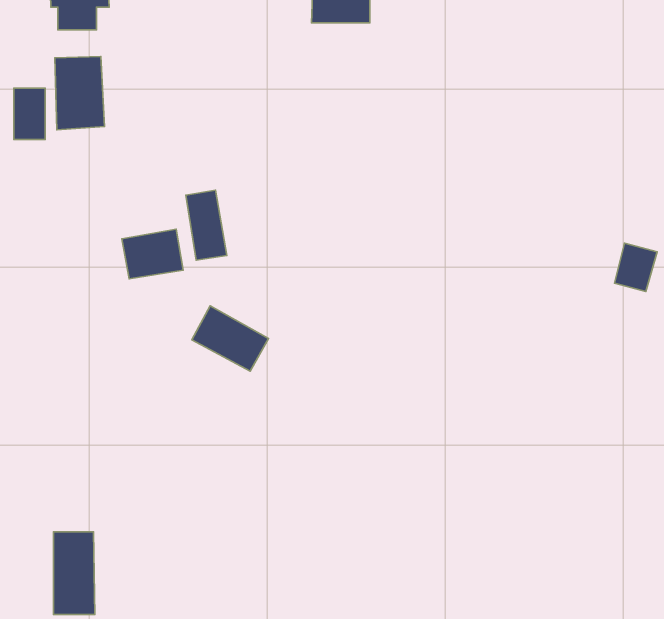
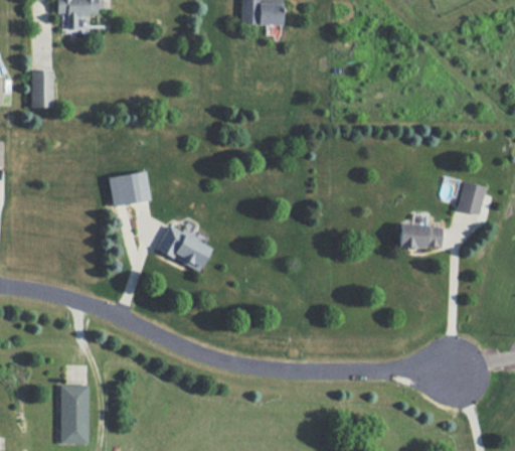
building: [55,57,105,130] -> none
building: [186,190,227,260] -> none
building: none -> [399,223,443,248]

